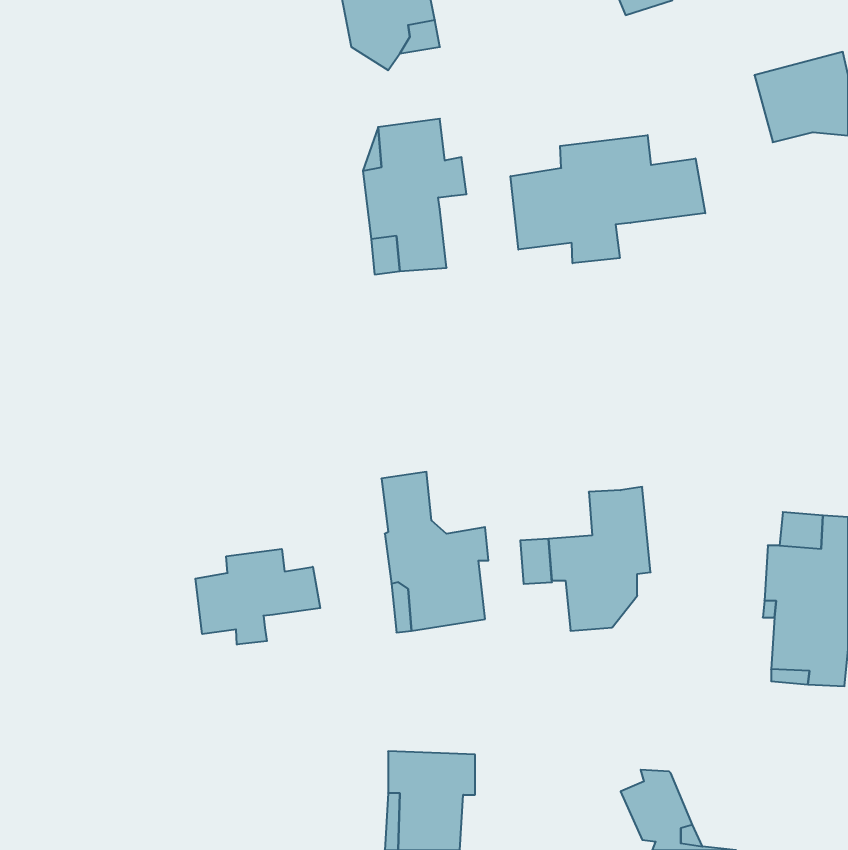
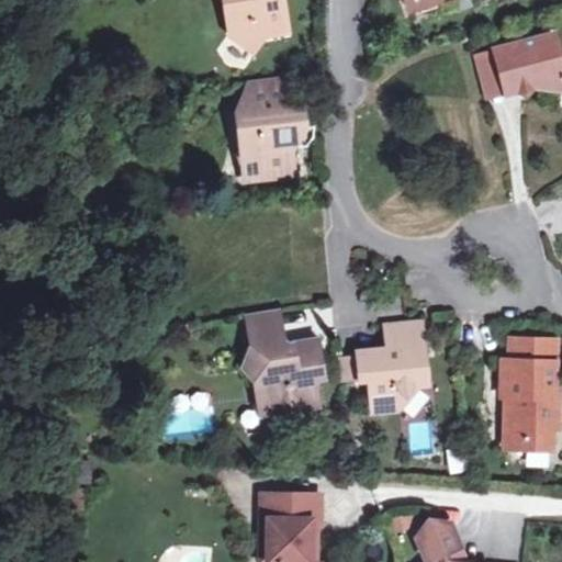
building: none -> [474,49,507,99]
building: [511,135,705,263] -> none
building: [195,549,320,645] -> none

